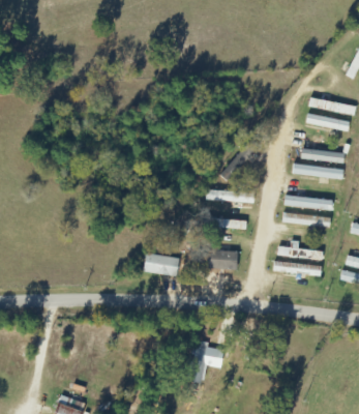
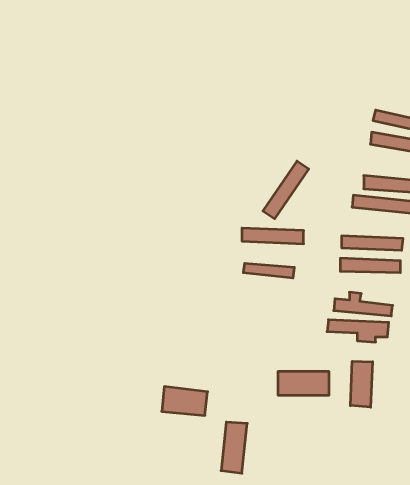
building: [196,249,236,268] -> [278,372,329,395]
building: [143,253,179,275] -> [162,387,208,415]
building: none -> [350,361,373,407]

